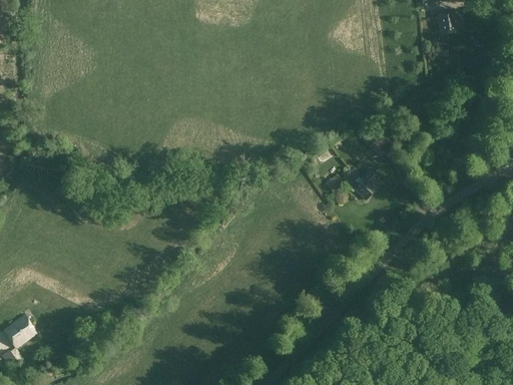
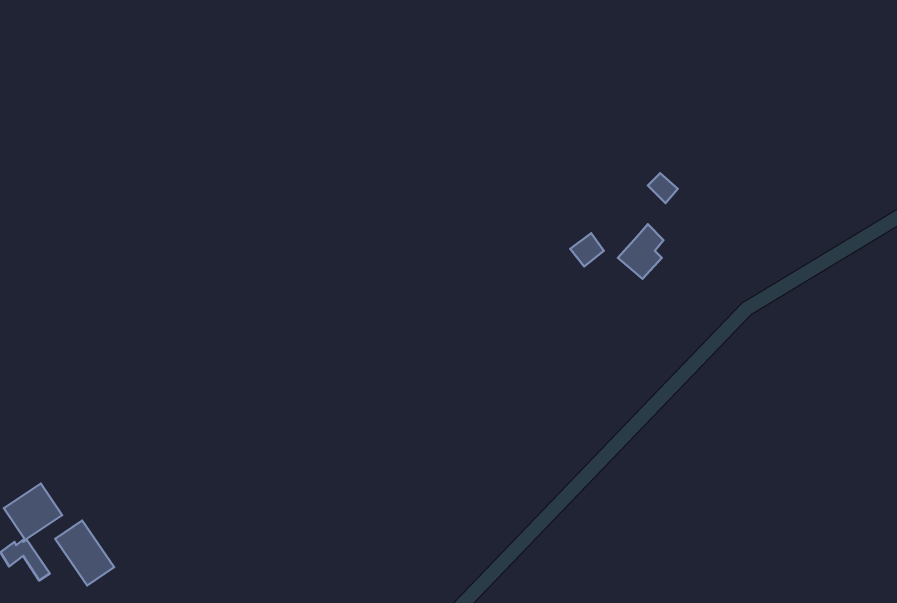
building: none -> [55,520,114,586]

